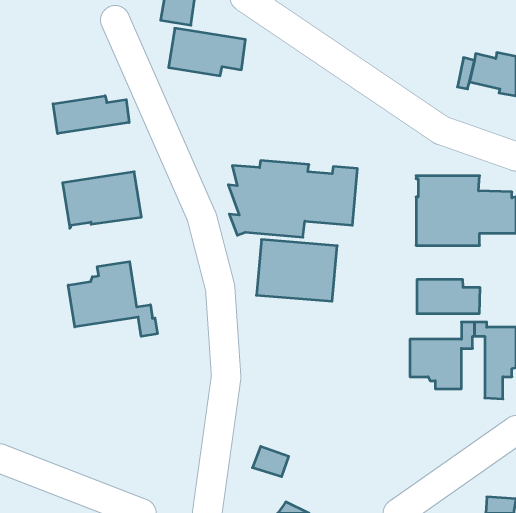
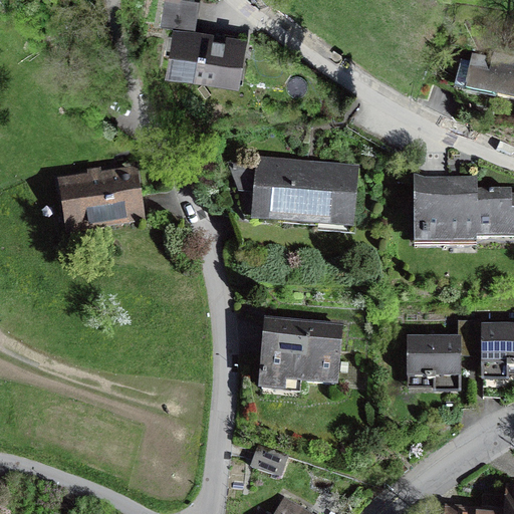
building: [53,96,129,134] -> none
building: [256,240,337,301] -> [261,320,341,381]
building: [68,262,157,336] -> none
building: [417,279,480,314] -> none

